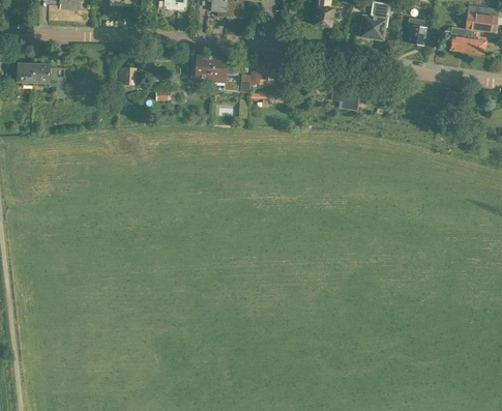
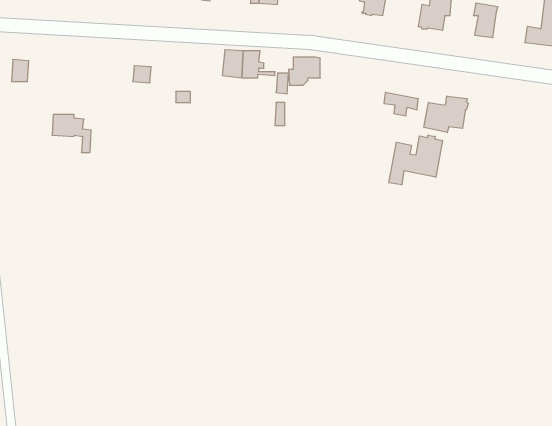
building: [30,64,63,96] -> [52,114,91,152]
building: none -> [424,96,468,133]
building: none -> [389,135,443,185]

